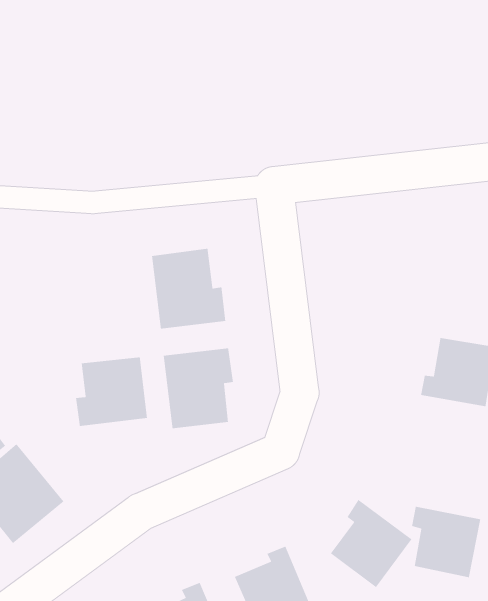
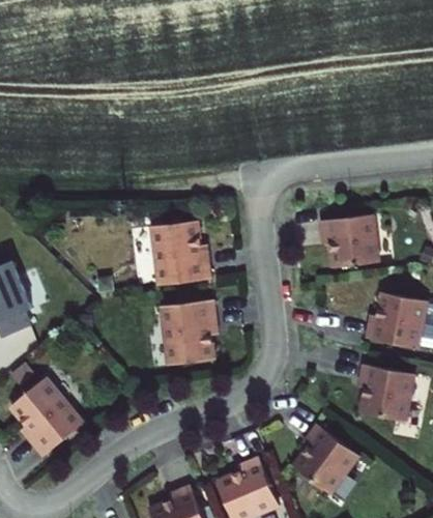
building: none -> [320,214,379,267]
building: [75,356,148,427] -> none
building: [411,506,481,578] -> [360,364,416,422]

